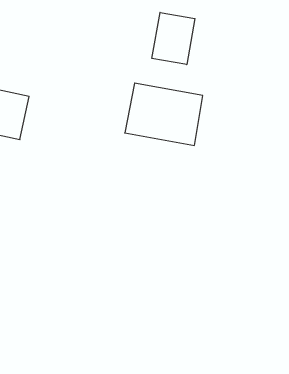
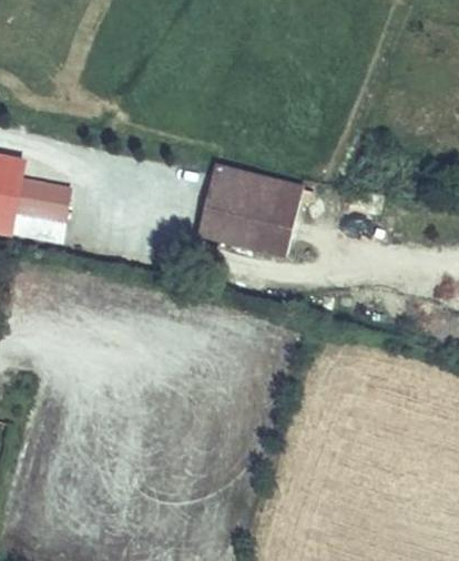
building: [152,12,195,65] -> none

